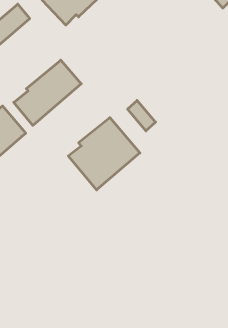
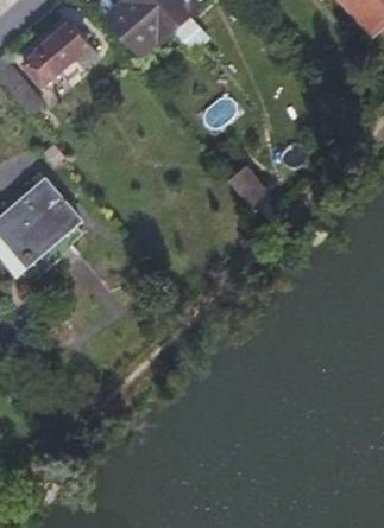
building: [14,60,81,125] -> none
building: [68,118,140,190] -> none

